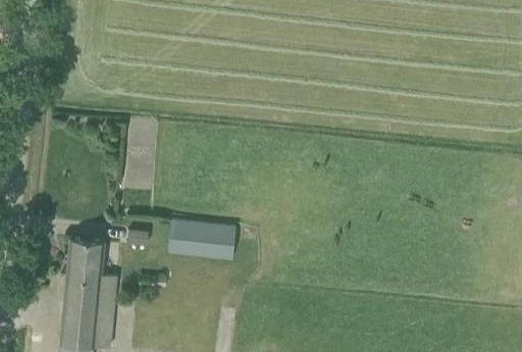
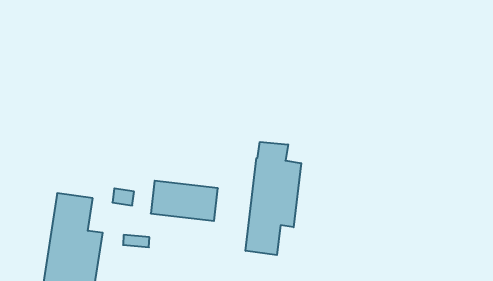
building: none -> [246,142,301,255]

